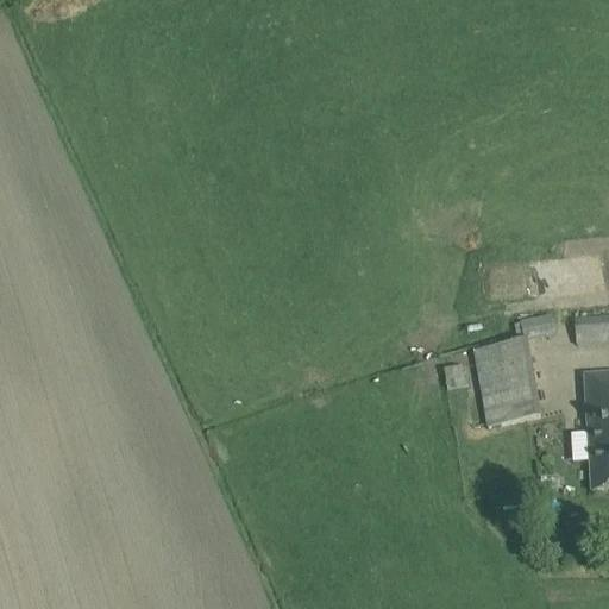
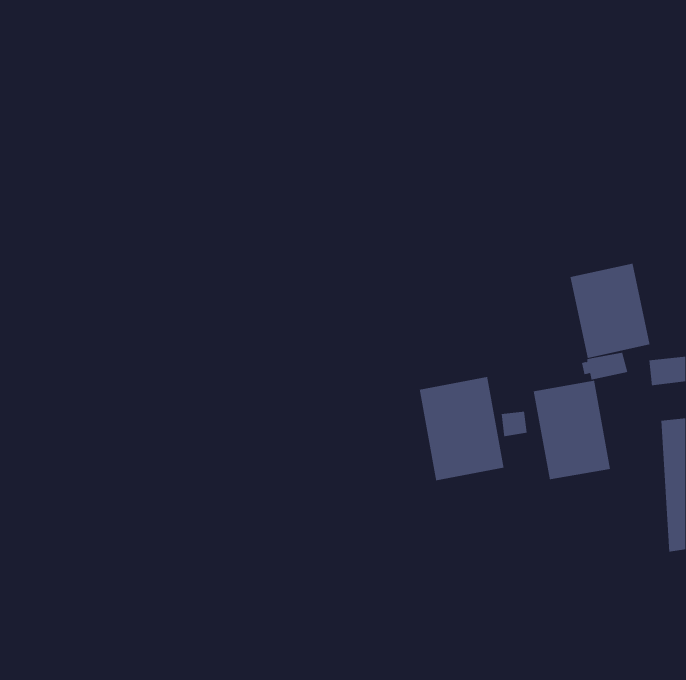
building: none -> [570,263,650,359]
building: none -> [419,376,504,481]

